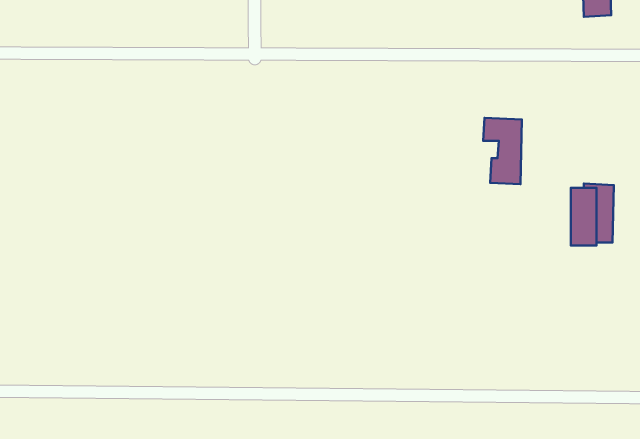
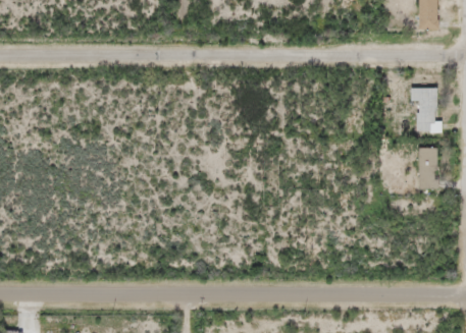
building: [483,118,522,184] -> [410,85,437,131]

